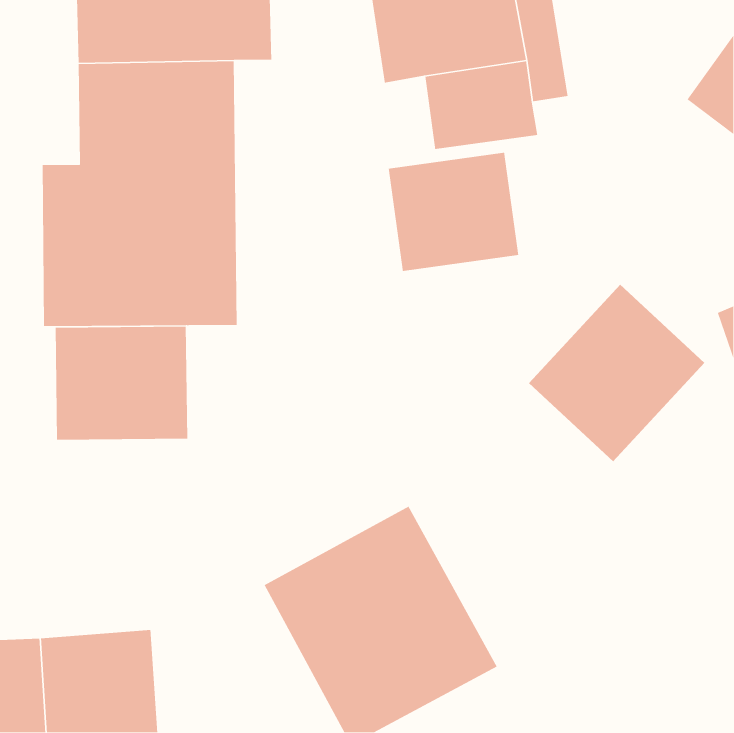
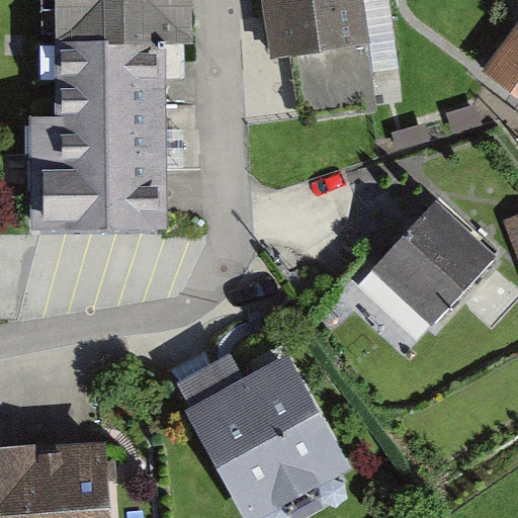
building: [388,152,519,272] -> none
building: [55,326,188,441] -> none

